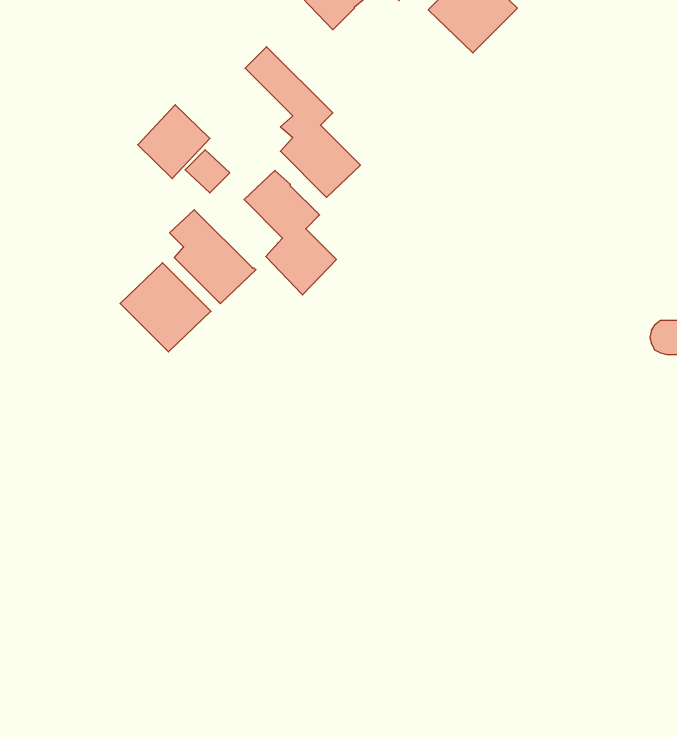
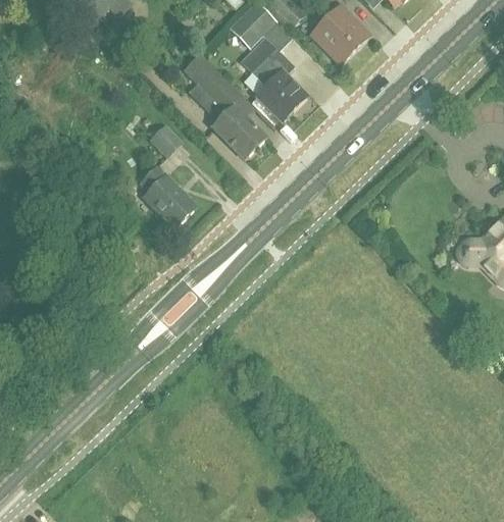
building: [138,105,210,179] -> none
building: [244,170,336,295] -> [244,38,305,120]
building: [120,263,211,352] -> none

